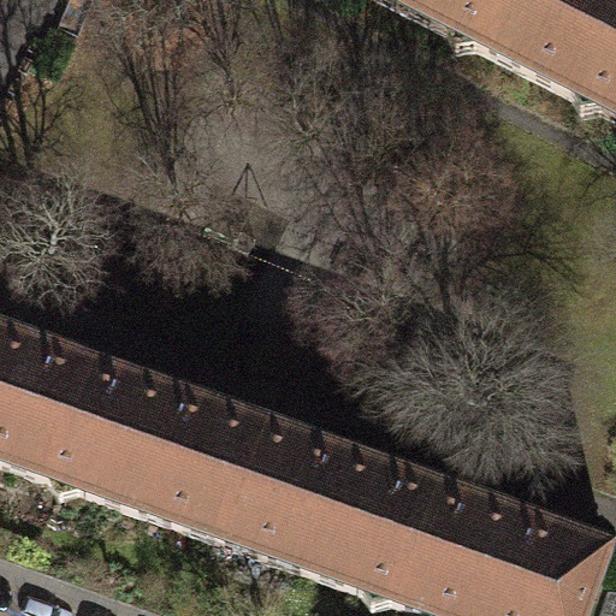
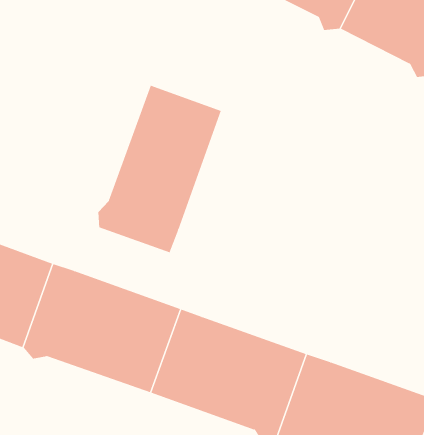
building: none -> [98,85,221,253]

